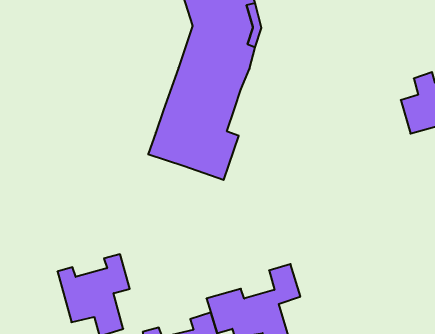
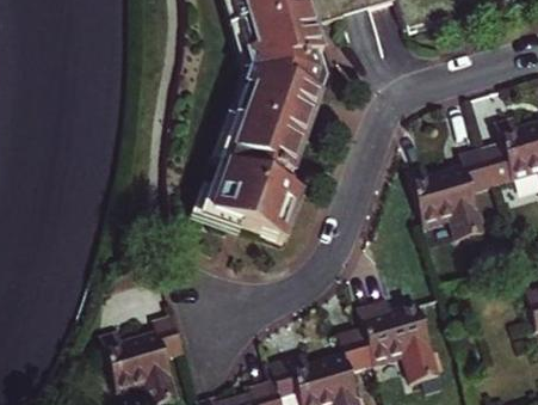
building: none -> [407,145,495,237]
building: none -> [357,297,439,381]

